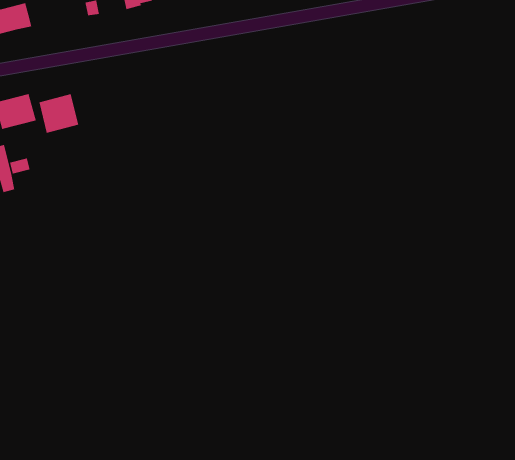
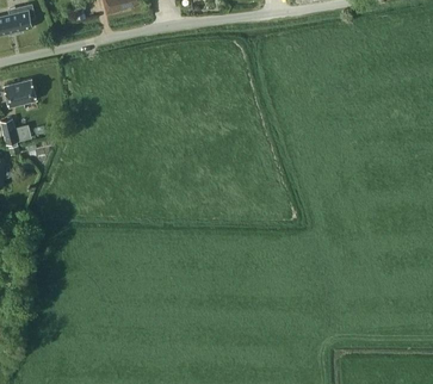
building: [38,93,79,134] -> none

